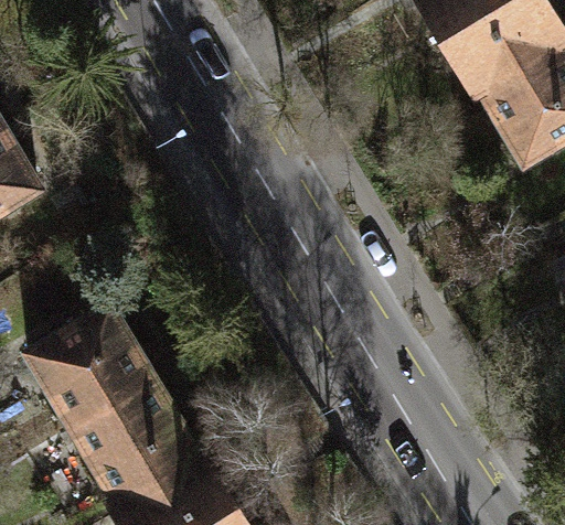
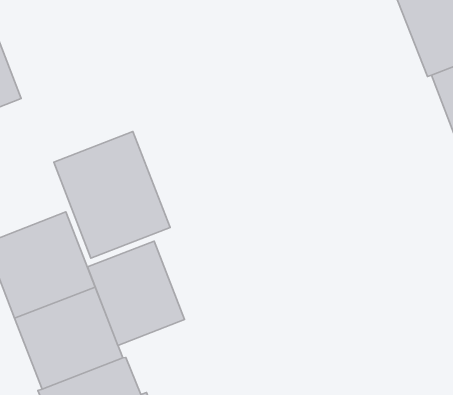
building: none -> [54,131,170,258]
building: none -> [88,241,185,345]

